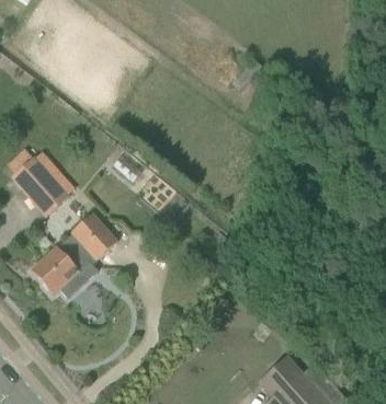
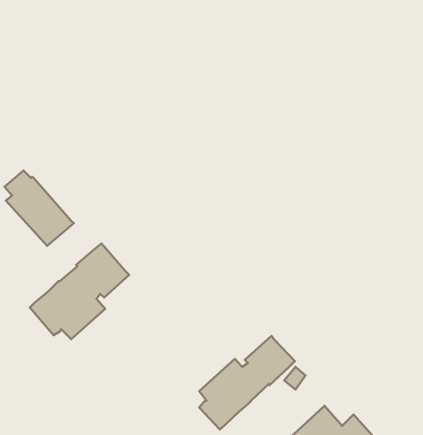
building: none -> [199,336,295,429]

